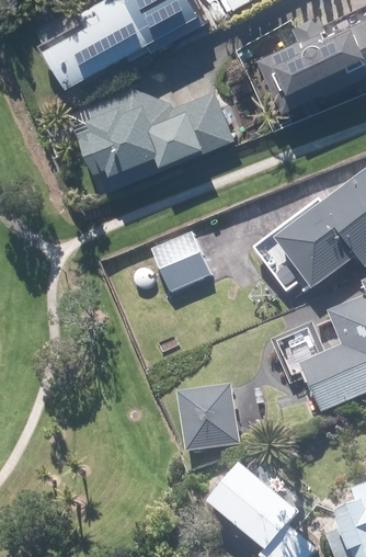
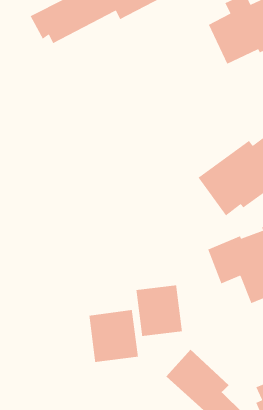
building: [68,86,233,189] -> none
building: [151,232,209,291] -> none
building: none -> [89,309,139,363]

